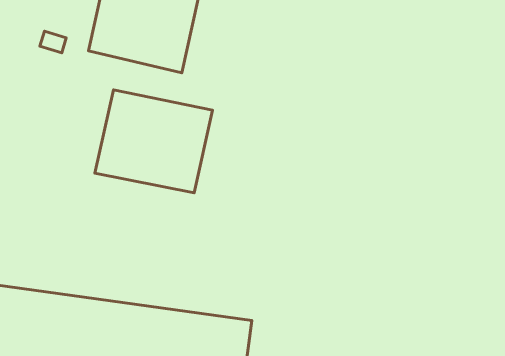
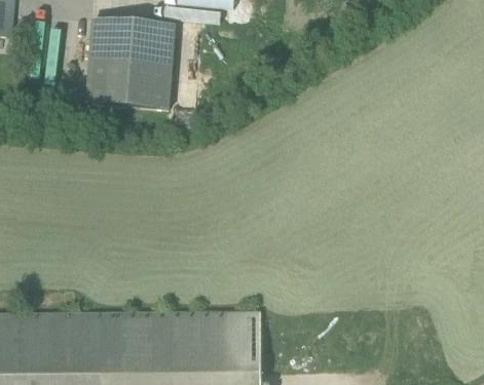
building: [95,90,212,193] -> none

